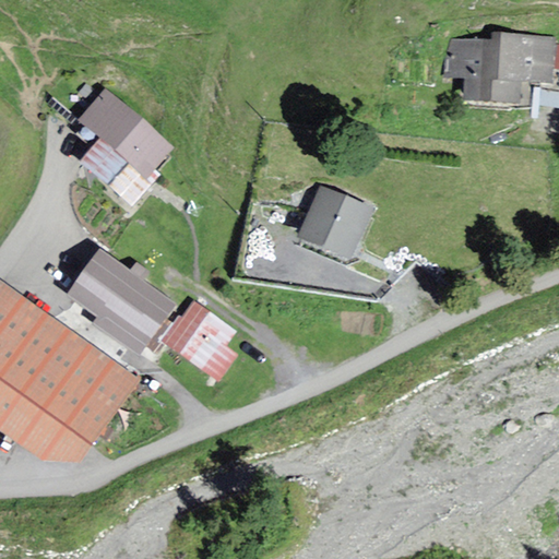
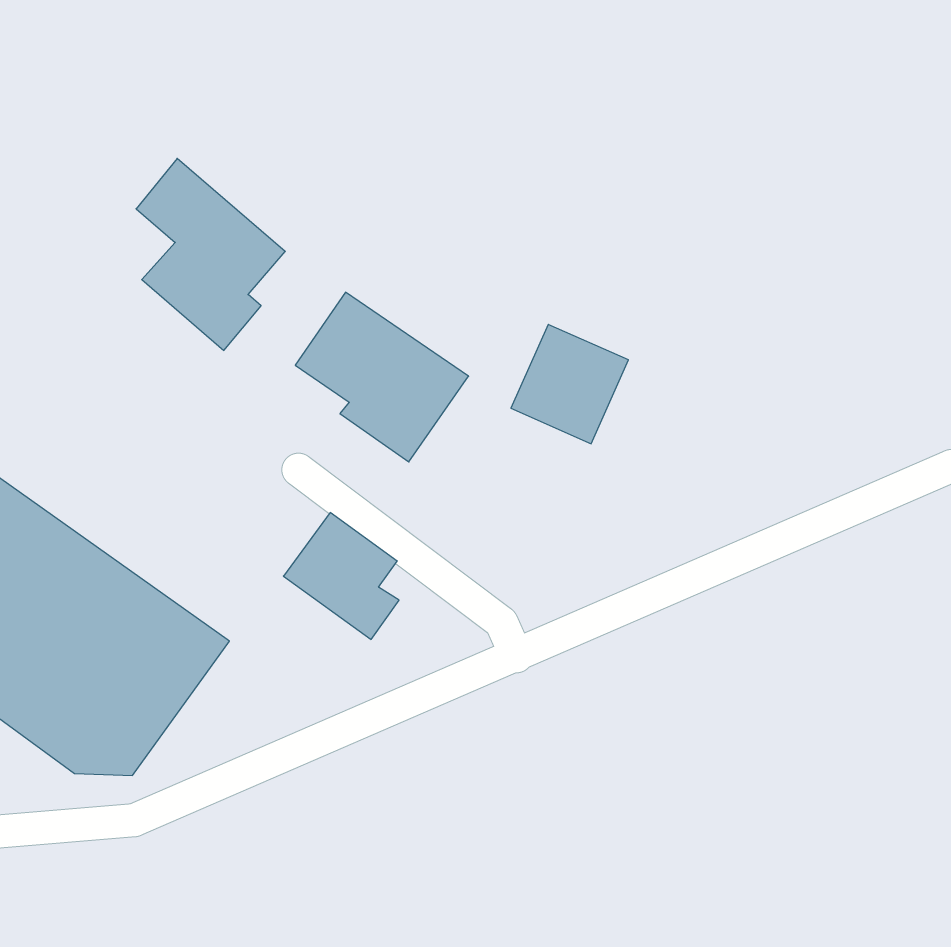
building: [450,34,551,104] -> none
building: [70,249,171,348] -> [295,292,469,462]

